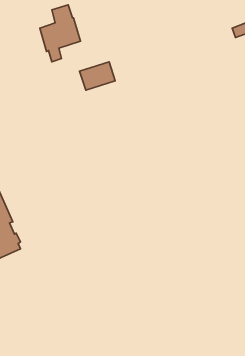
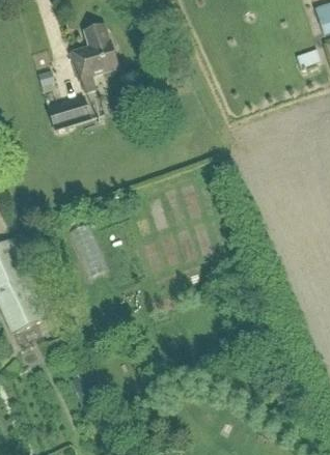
building: [80,62,115,90] -> [48,95,90,130]

